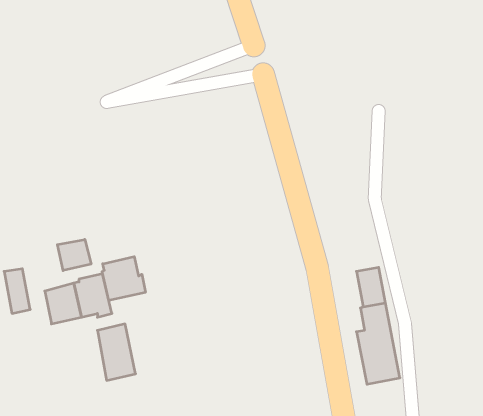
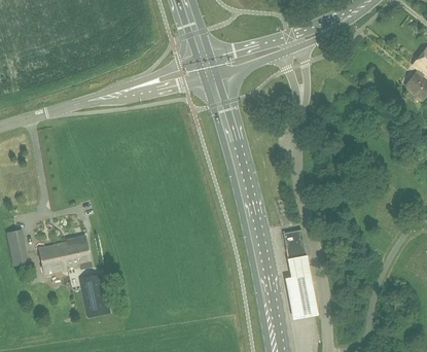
building: [57,239,91,271] -> none
building: [102,257,145,301] -> none

